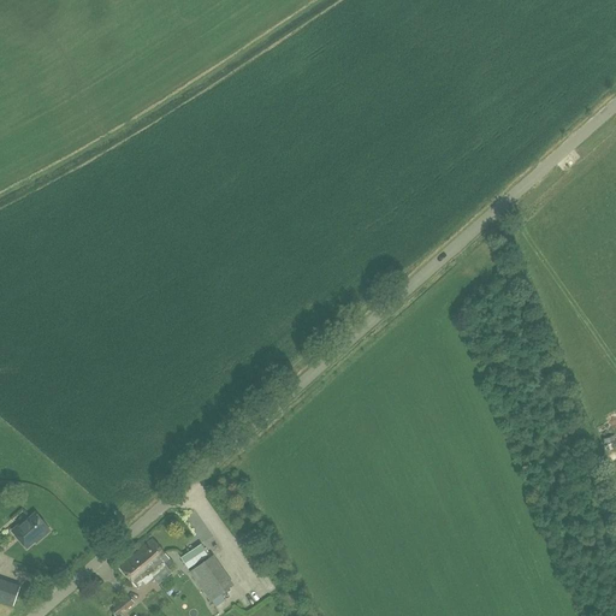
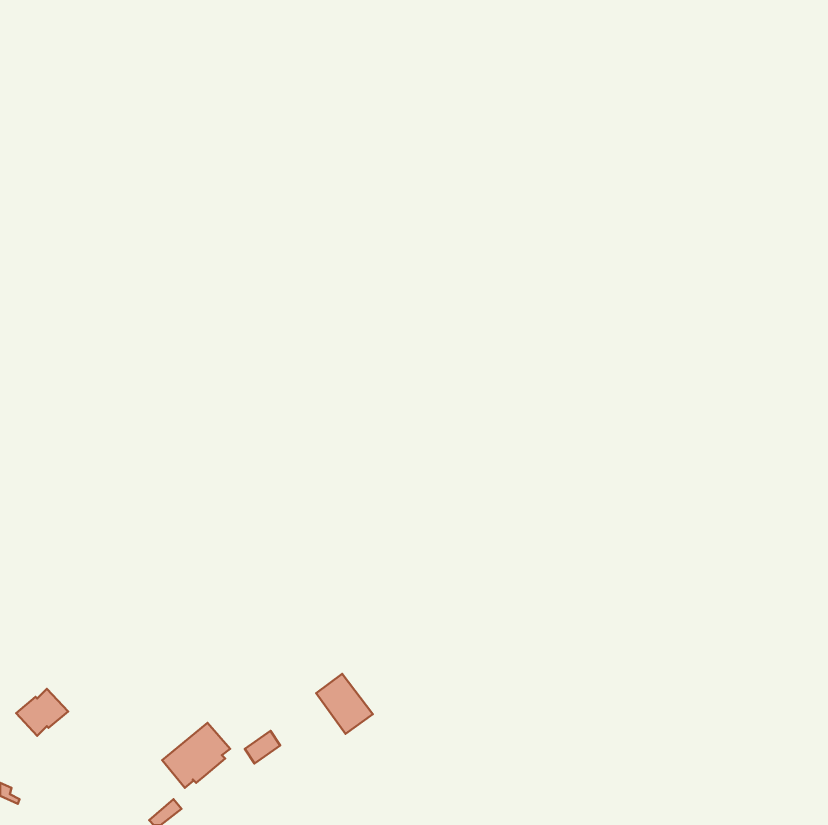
building: [190,556,232,600] -> [316,674,373,734]

